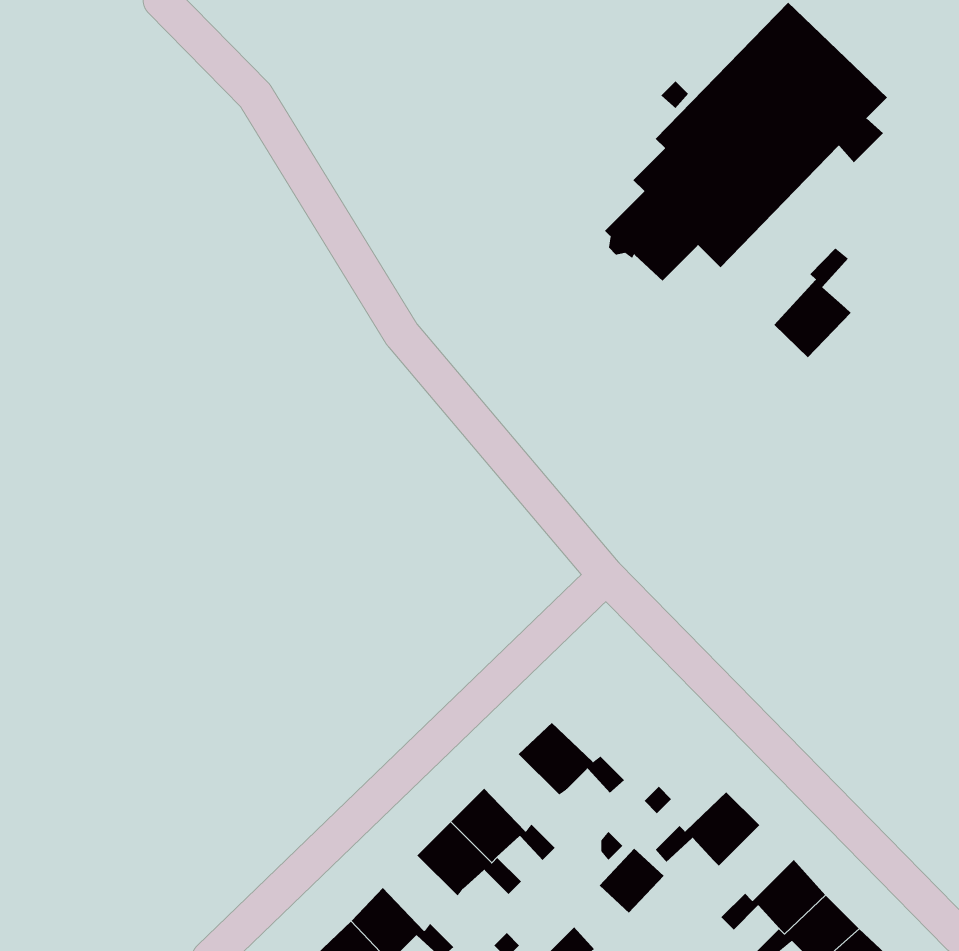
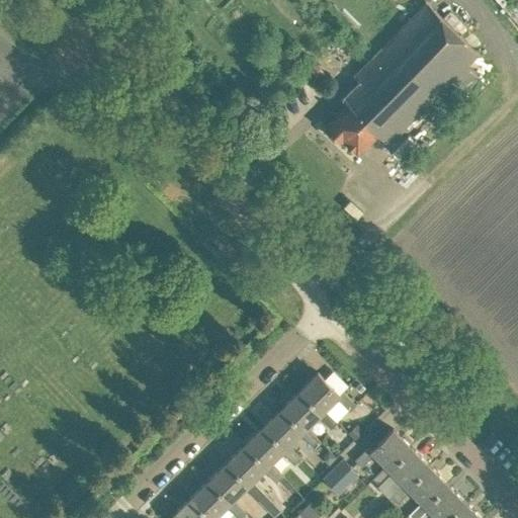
building: [773,247,852,358] -> none
building: none -> [297,375,355,415]
building: none -> [261,411,319,452]
building: none -> [371,449,428,490]
building: none -> [206,465,263,506]

